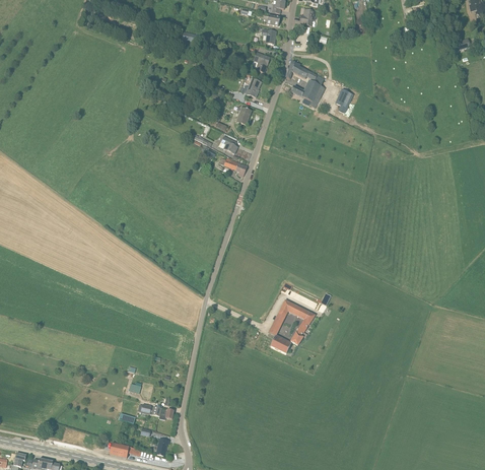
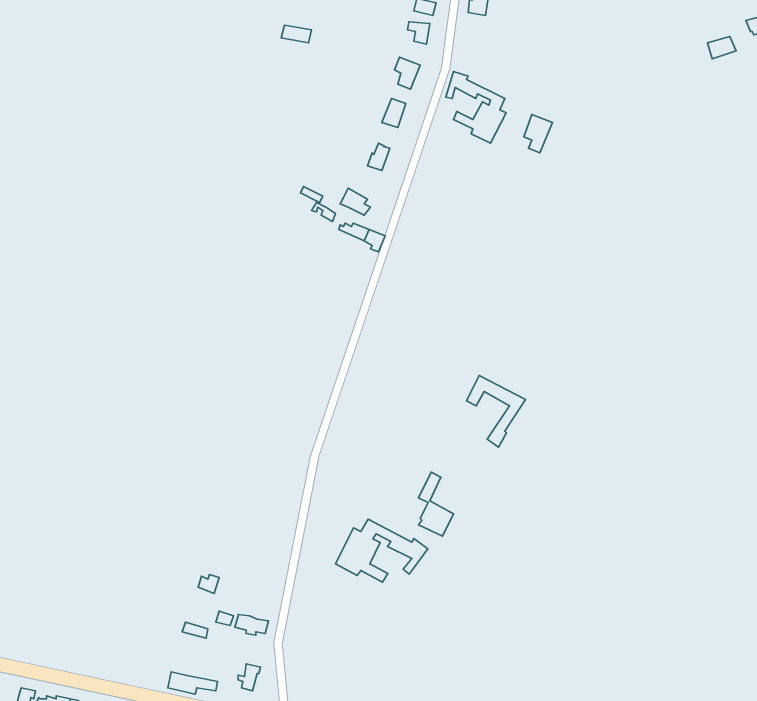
building: [277,299,315,345] -> [467,375,526,447]
building: none -> [335,519,428,582]

